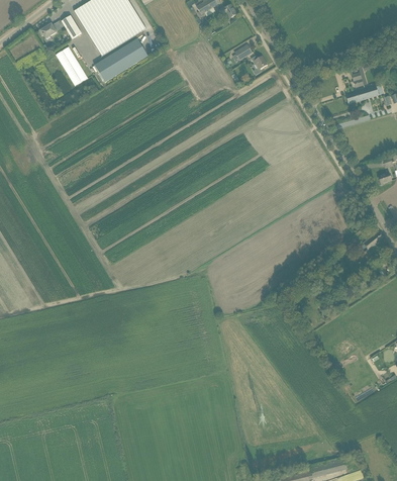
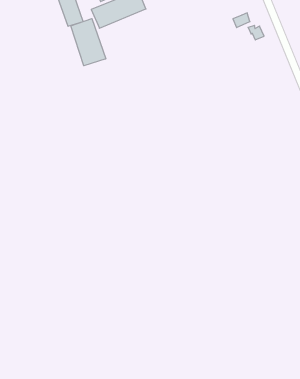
building: none -> [71,19,106,66]

